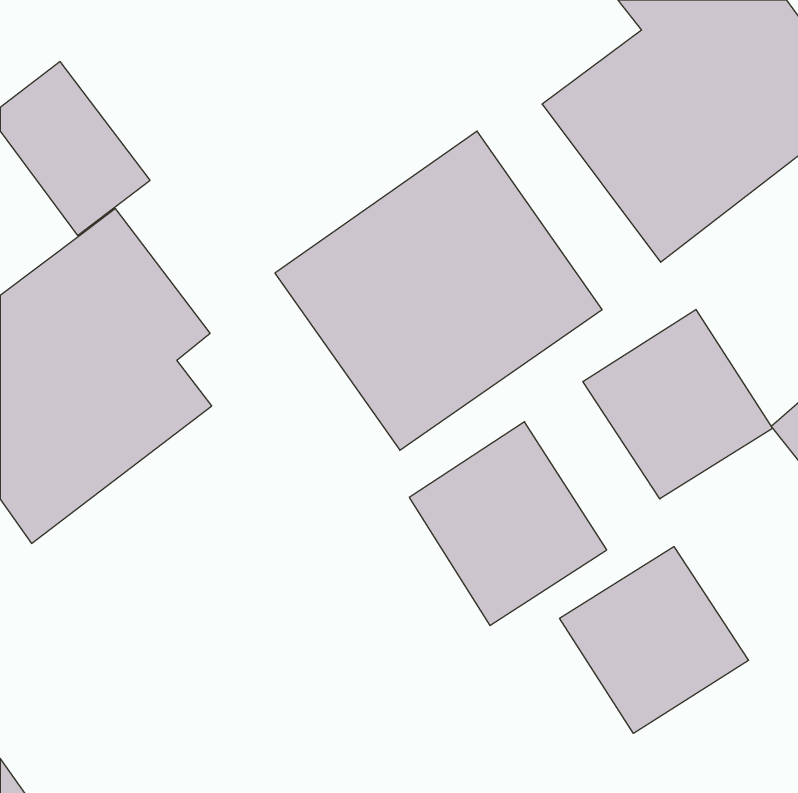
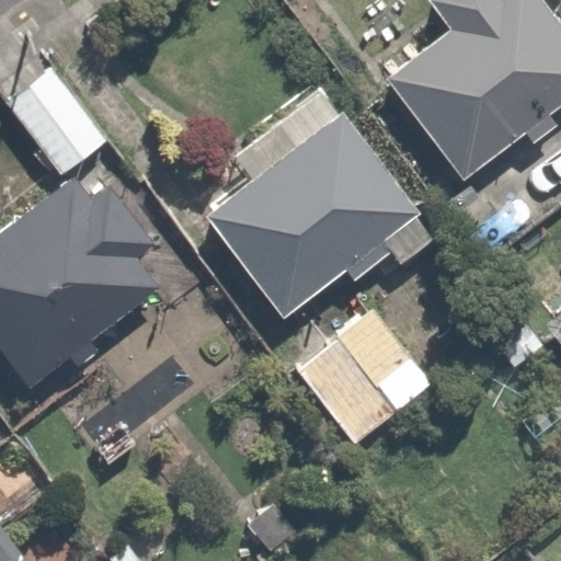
building: [583,309,772,499] -> none
building: [560,547,749,733] -> none

